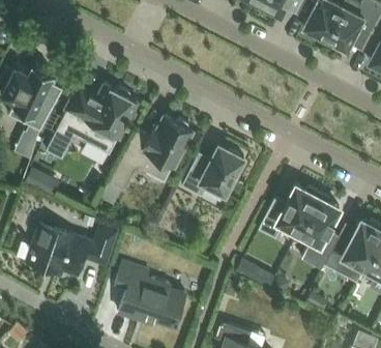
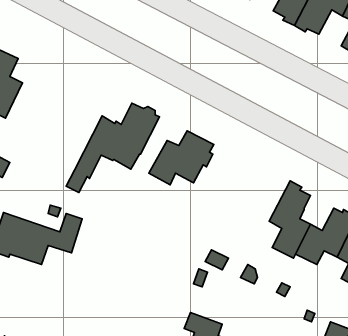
building: [46,86,137,160] -> none
building: [258,185,319,239] -> none
building: [115,264,184,327] -> none

